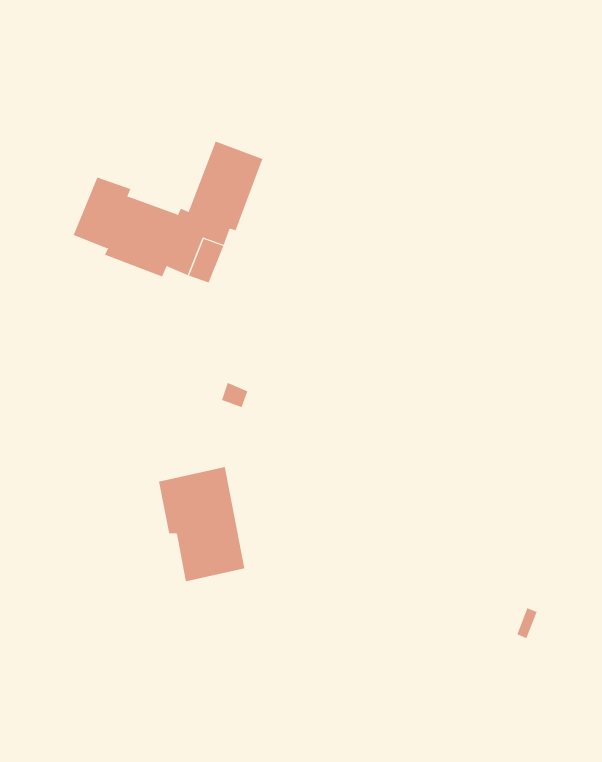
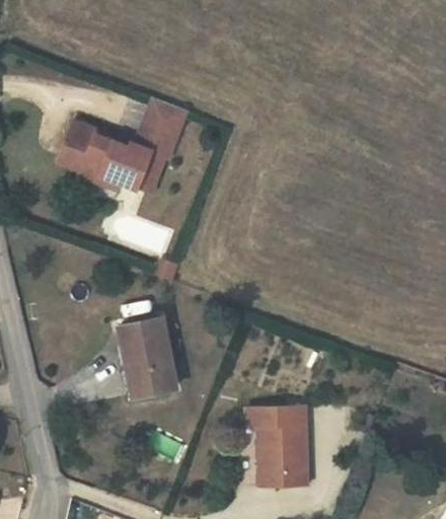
building: none -> [246,407,305,486]

